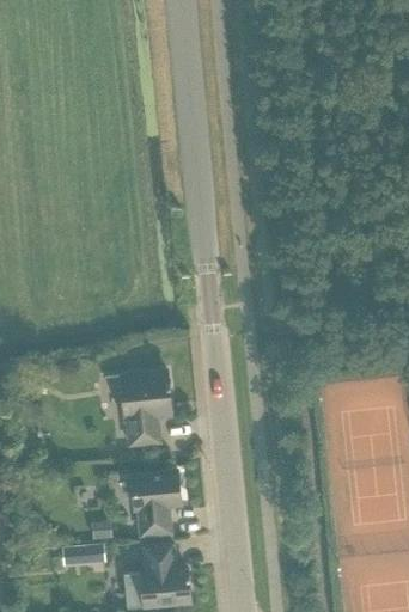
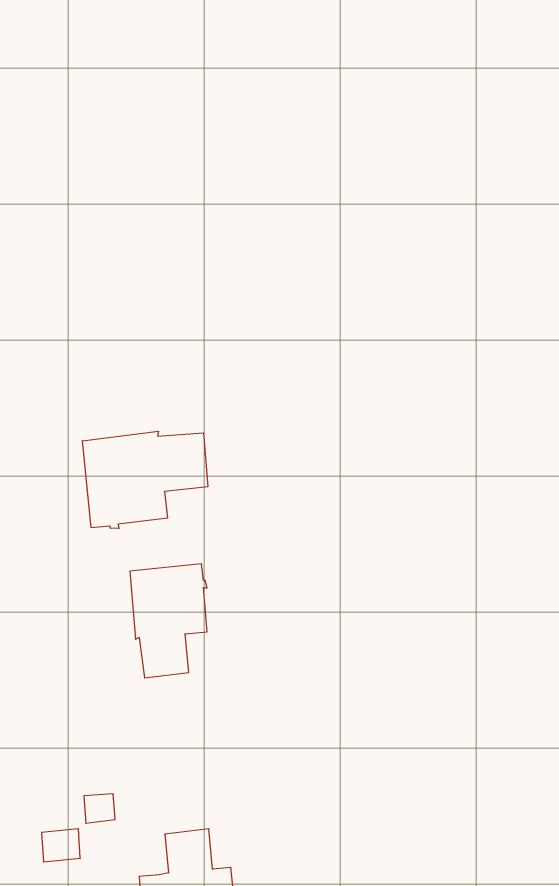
building: none -> [82,431,208,529]
building: [132,472,181,538] -> none

